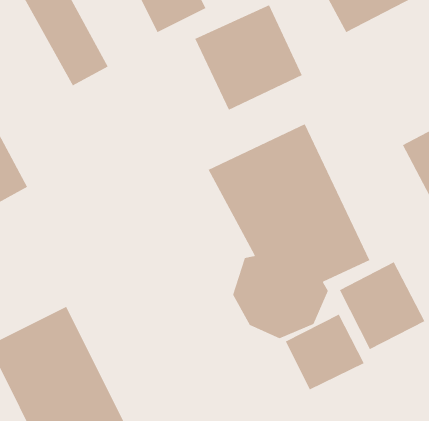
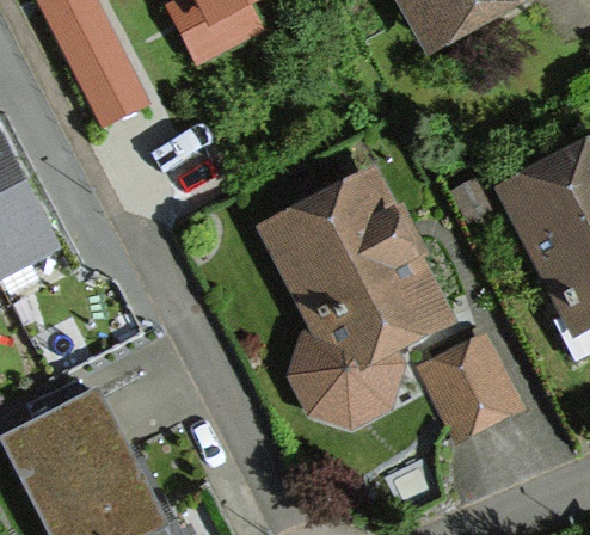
building: [194,4,303,111] -> none
building: [285,313,365,391] -> none

